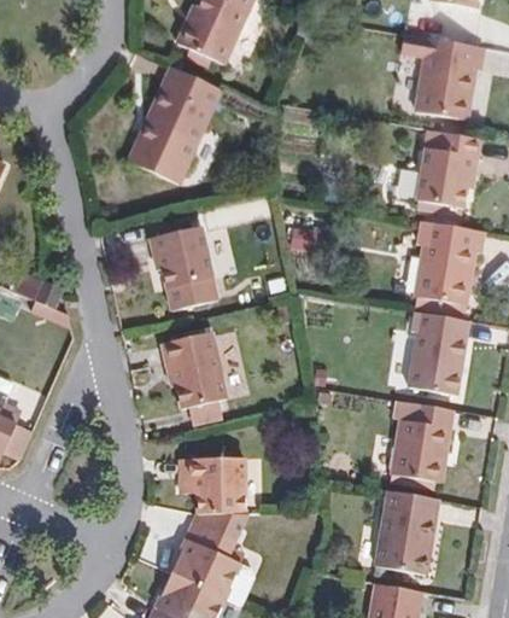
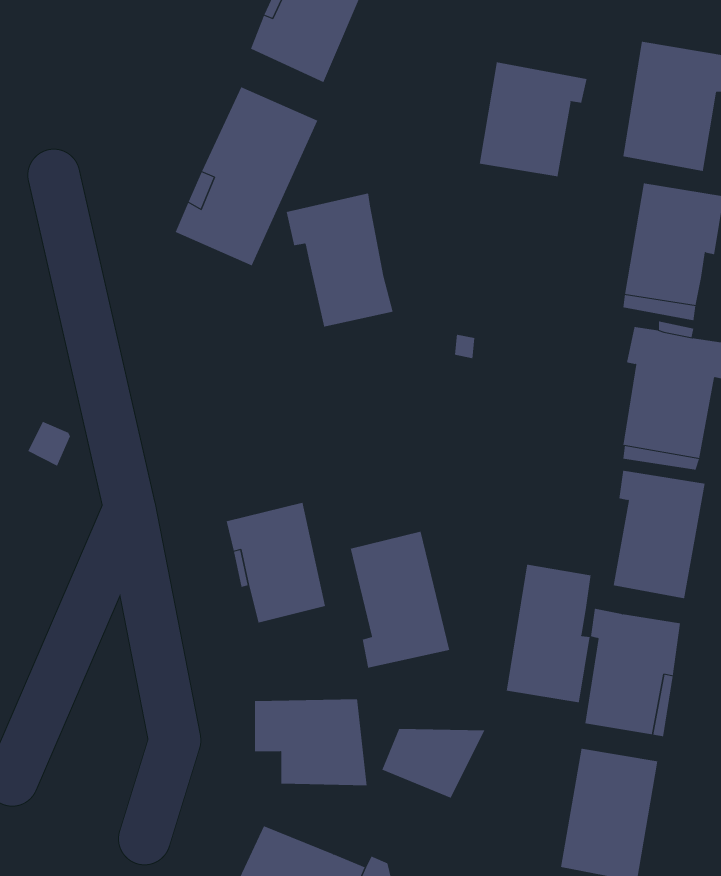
building: none -> [479,62,587,177]
building: [148,226,217,311] -> [286,193,394,327]
building: none -> [350,531,450,669]
building: none -> [506,564,591,703]
building: [186,512,252,556] -> [381,728,485,798]

